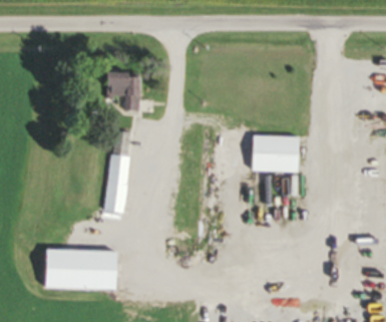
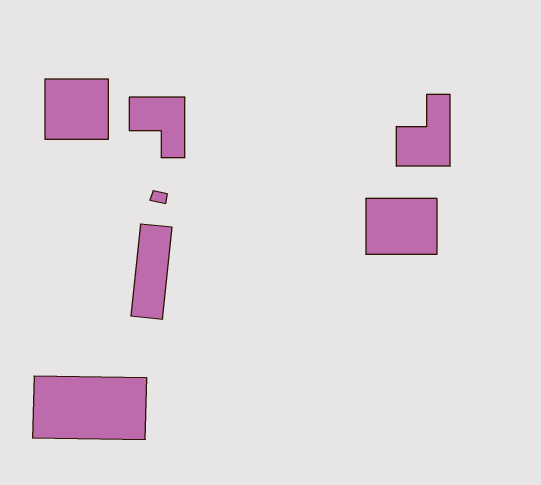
building: none -> [45,79,108,139]
building: none -> [396,94,450,166]

